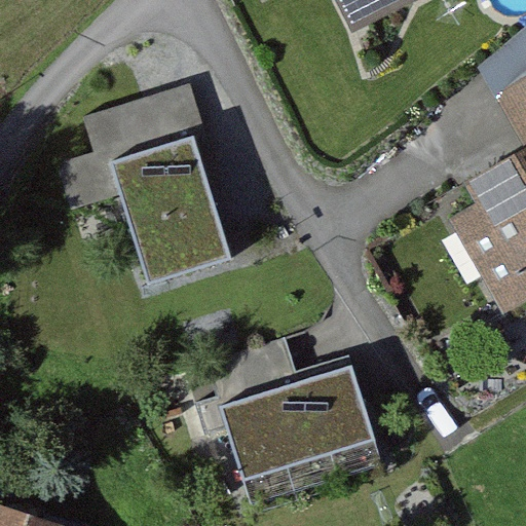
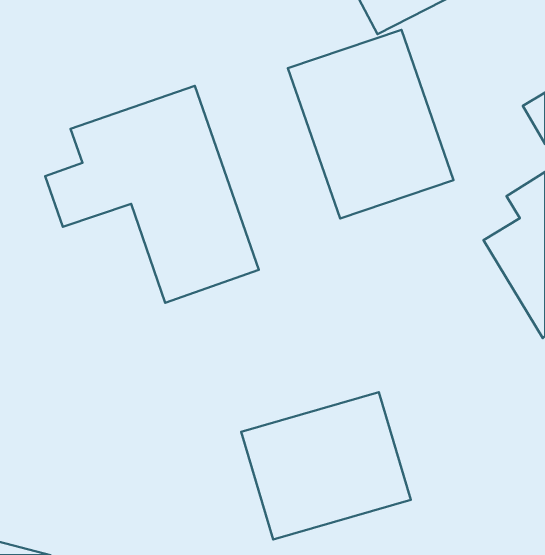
building: none -> [288,30,454,219]

